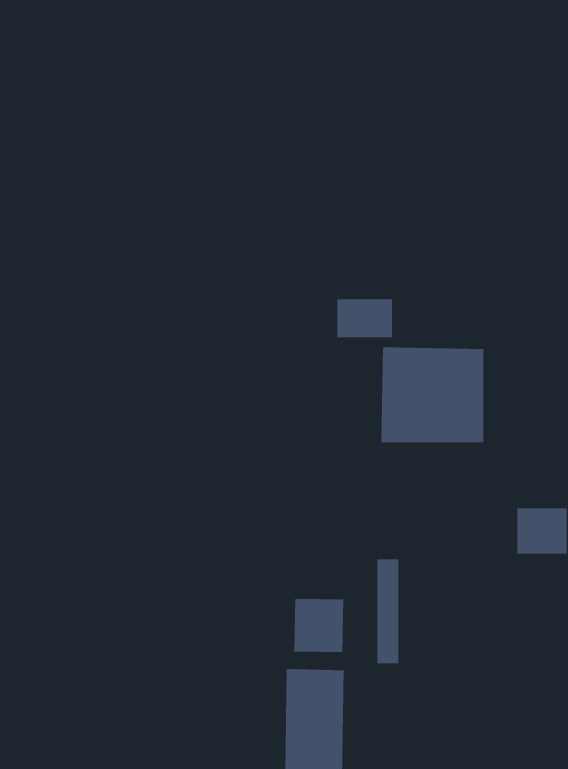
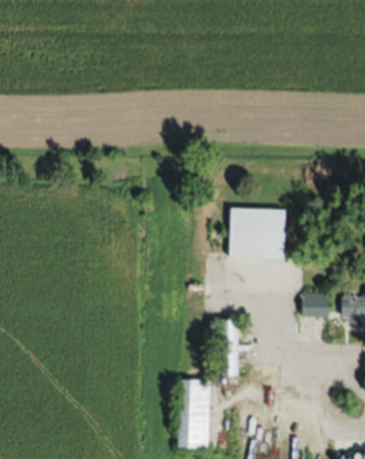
building: [336,299,393,338] -> none
building: [294,598,344,653] -> none

